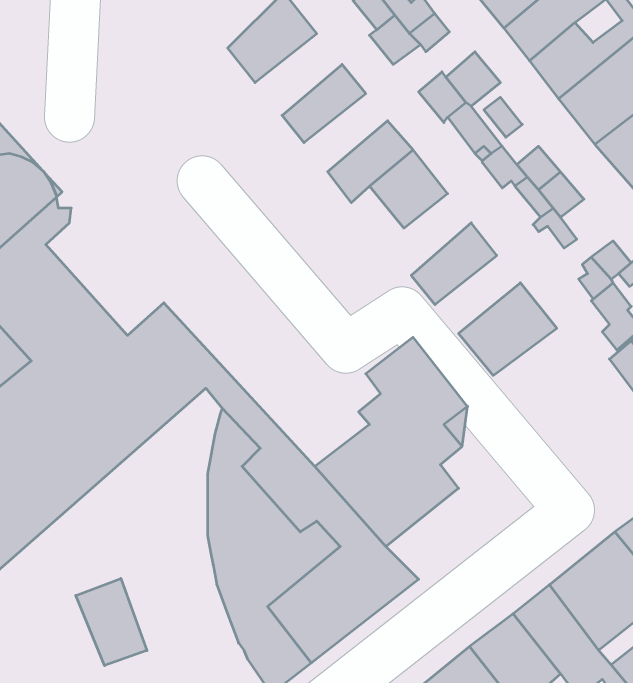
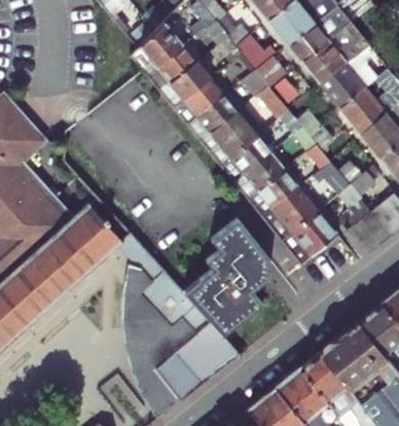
building: none -> [148,44,197,91]
building: none -> [176,78,223,122]
building: none -> [229,135,270,181]
building: none -> [250,170,298,214]
building: none -> [283,211,338,263]
building: [76,578,147,666] -> none

